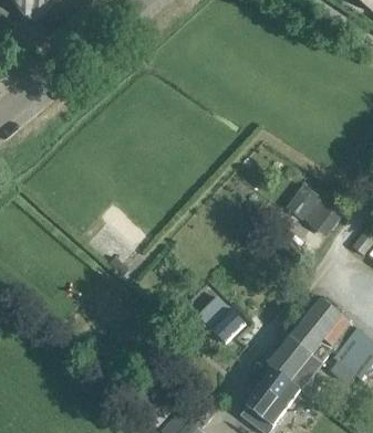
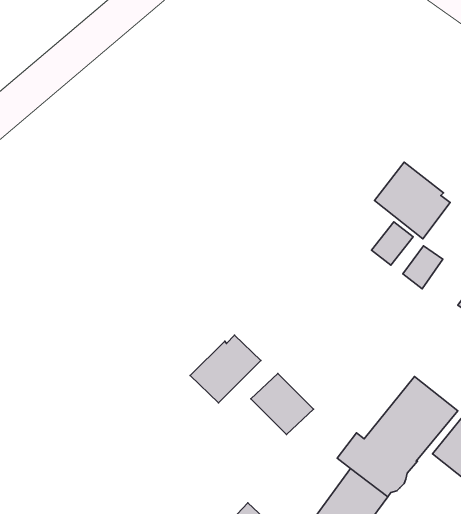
building: none -> [374,162,450,239]
building: none -> [190,335,261,403]

